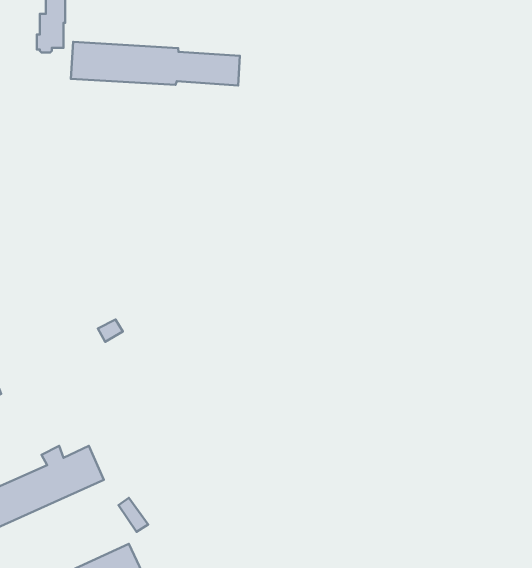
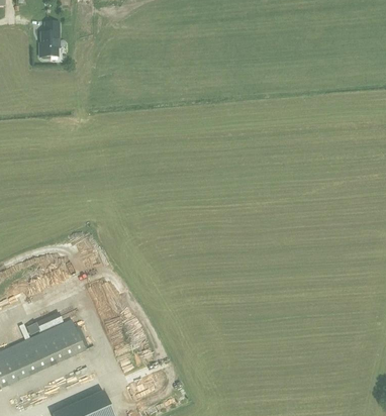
building: [71,42,240,85] -> none

